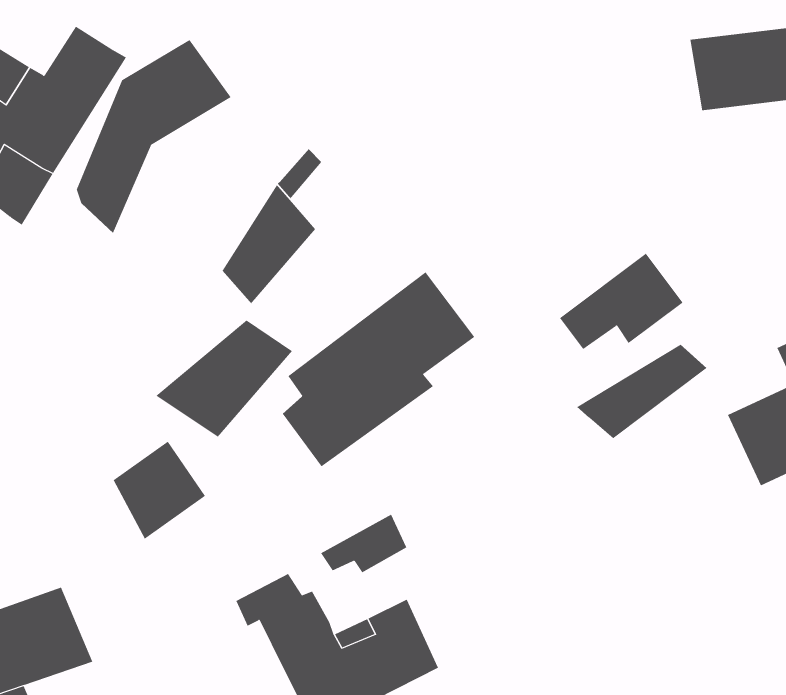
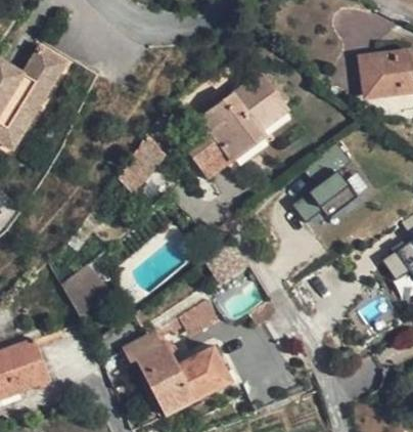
building: [76,39,231,234] -> none
building: [282,272,475,467] -> [186,76,286,177]
building: [155,320,293,437] -> none
building: [576,344,708,439] -> none

